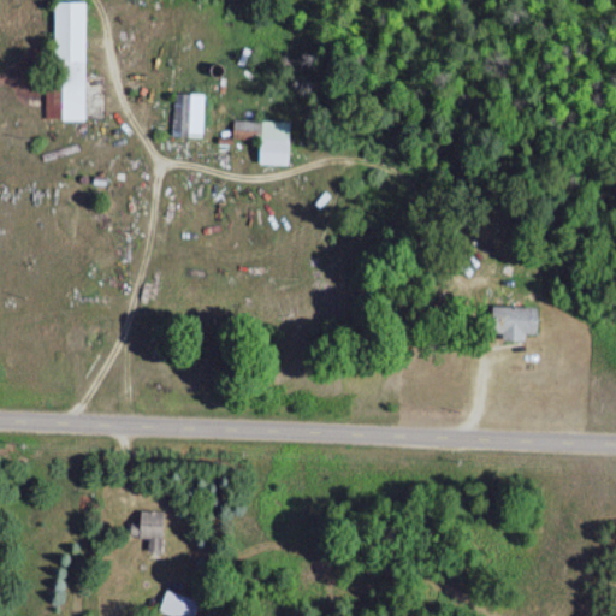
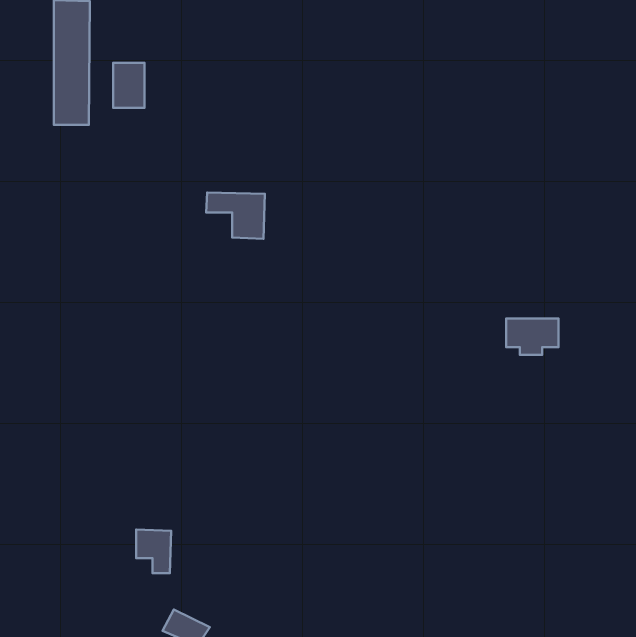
building: [174,94,205,137] -> [113,63,145,108]
building: [232,122,289,166] -> [206,192,265,239]

